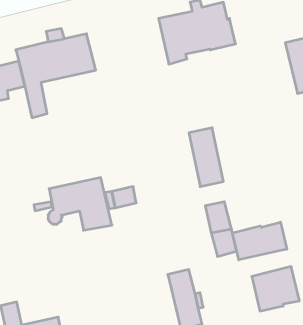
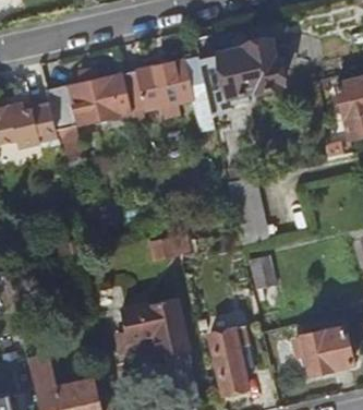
building: none -> [122,57,215,132]
building: [48,178,112,230] -> [119,299,187,355]
building: [232,222,287,260] -> none

